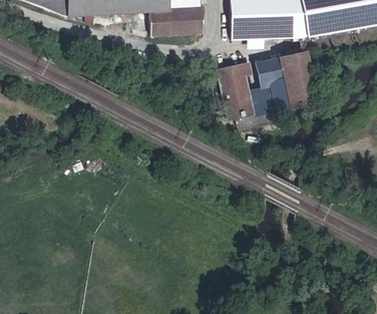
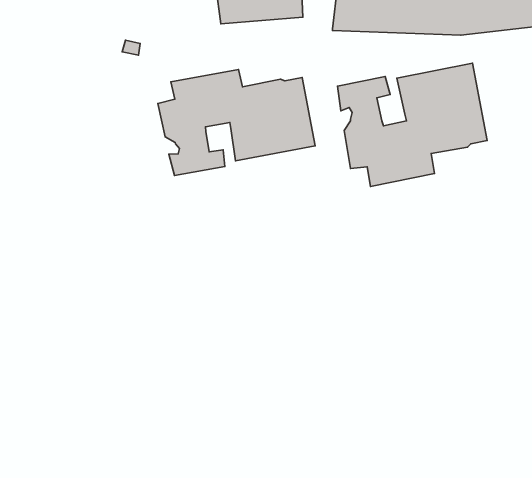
building: none -> [158,70,315,175]

